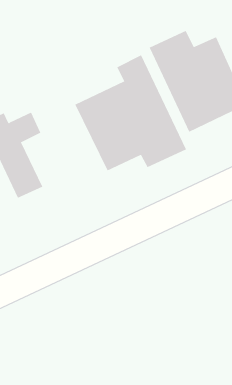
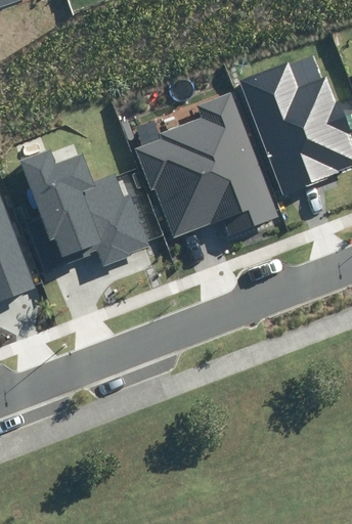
building: none -> [70,171,146,265]

